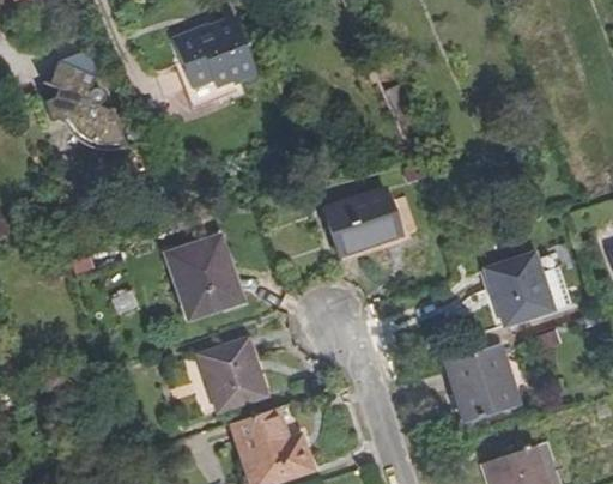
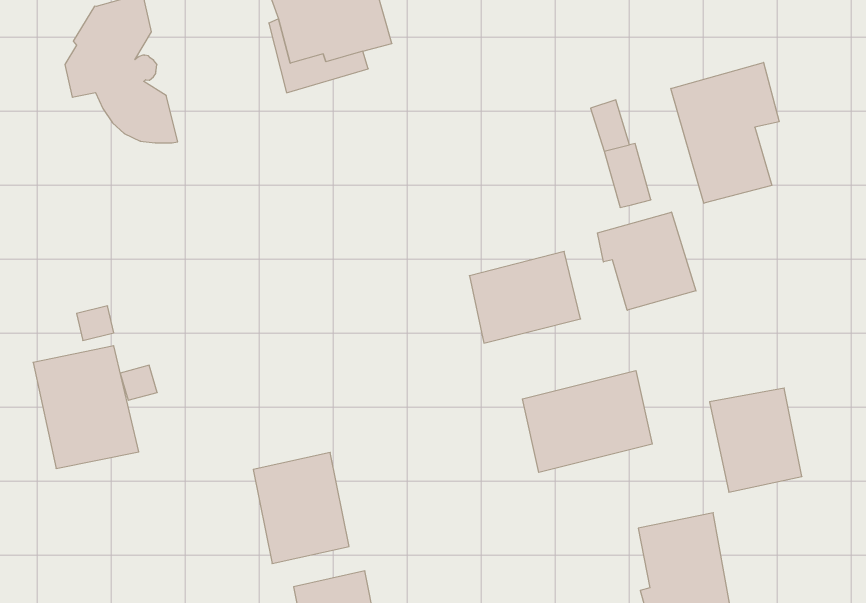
building: none -> [671,62,779,203]
building: none -> [597,212,696,310]
building: [168,232,242,315] -> [33,346,139,468]
building: none -> [522,371,652,472]

